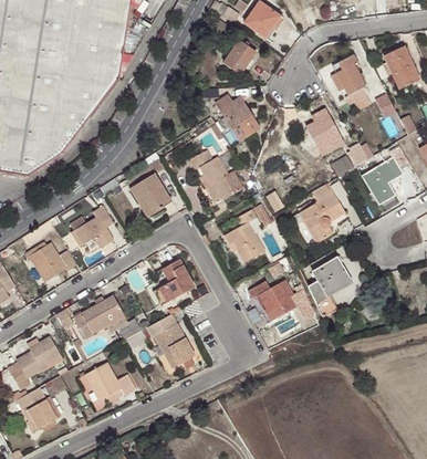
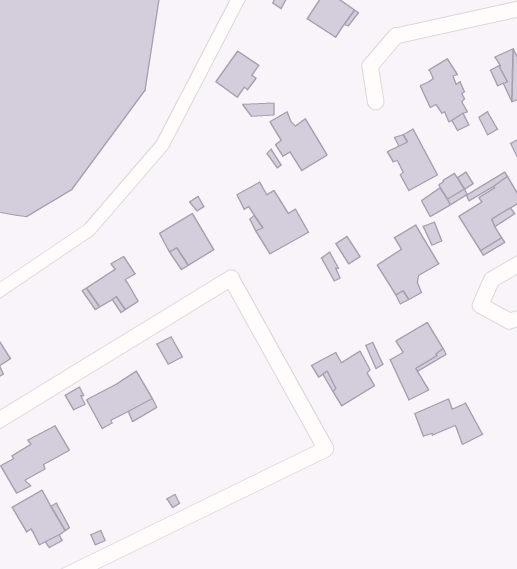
building: [222,40,256,75] -> [216,51,259,97]
building: [223,209,264,262] -> none
building: [23,242,76,281] -> none
building: [152,260,194,306] -> none
building: [140,314,194,368] -> none
building: none -> [415,399,483,444]
building: [85,363,135,403] -> none

